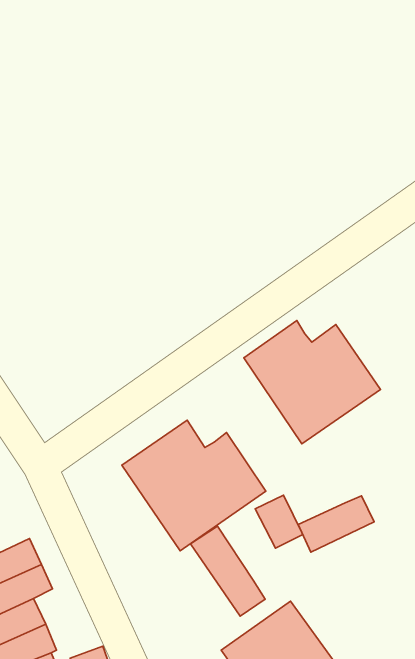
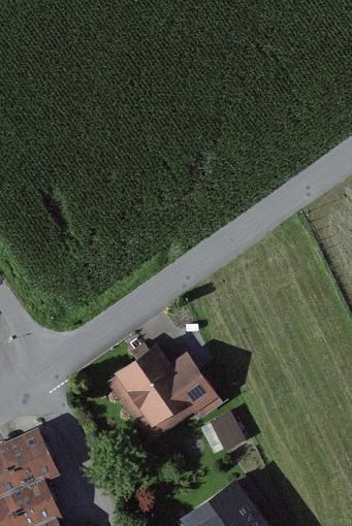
building: [244,321,380,444] -> none
building: [298,496,374,552] -> none
building: [190,526,265,616] -> none

